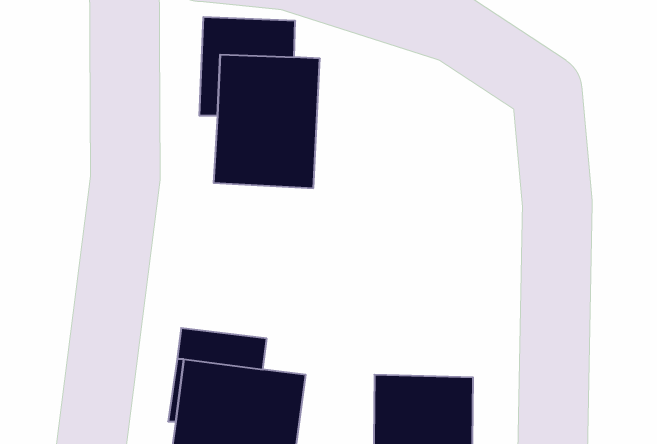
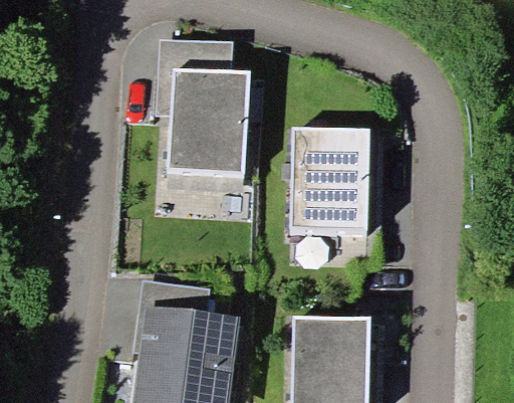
building: none -> [292,129,369,230]

